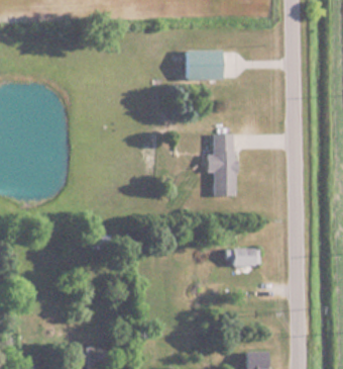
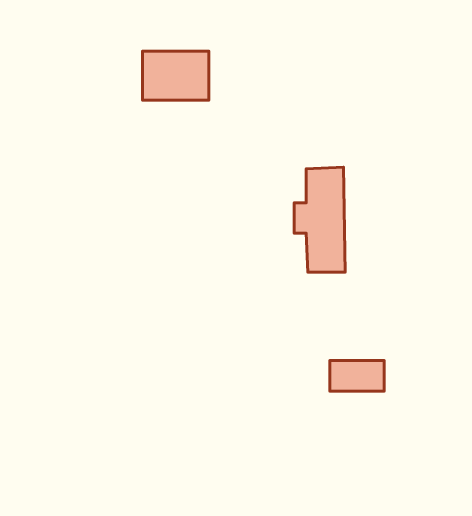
building: [186,51,225,80] -> [143,51,209,100]

